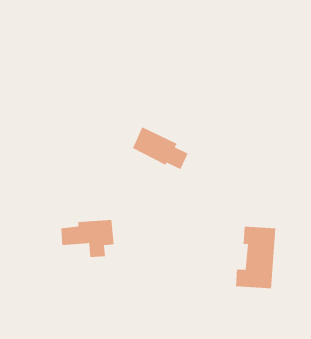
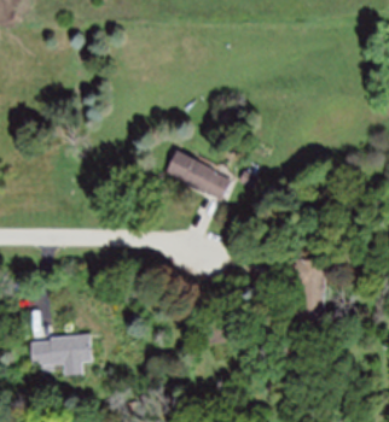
building: [60,220,114,257] -> [33,334,93,376]

